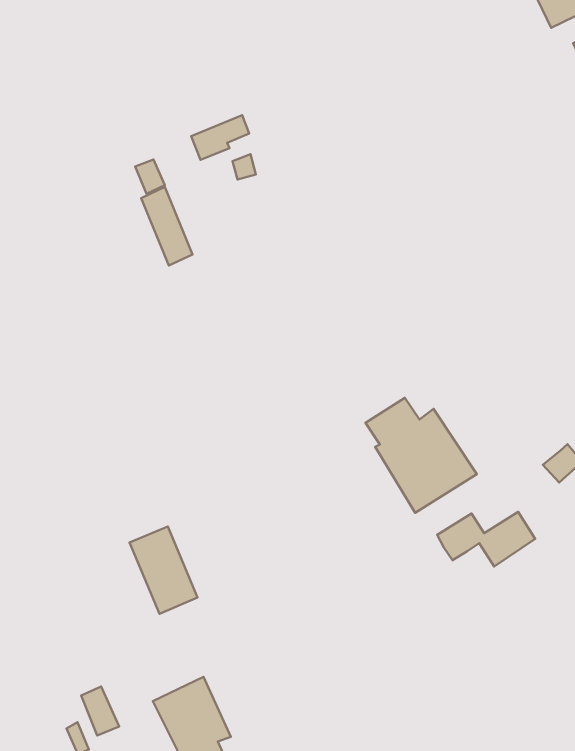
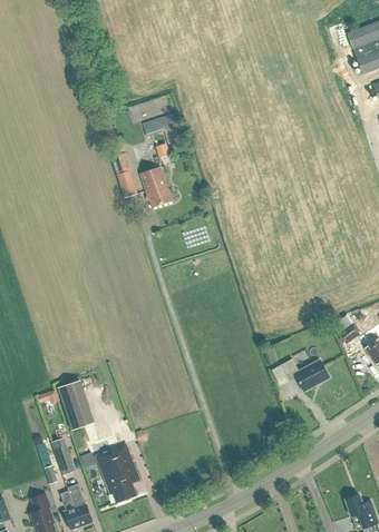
building: none -> [139,166,173,207]
building: [365,398,477,513] -> none
building: [130,527,198,614] -> [56,378,94,430]

